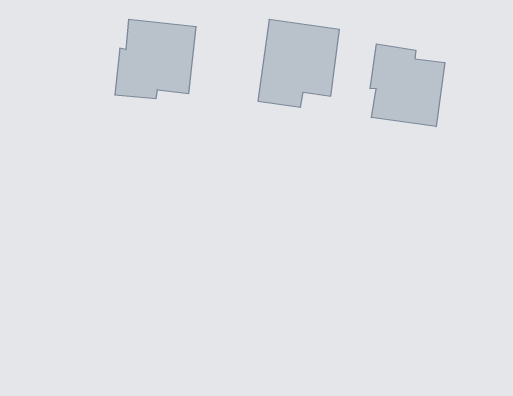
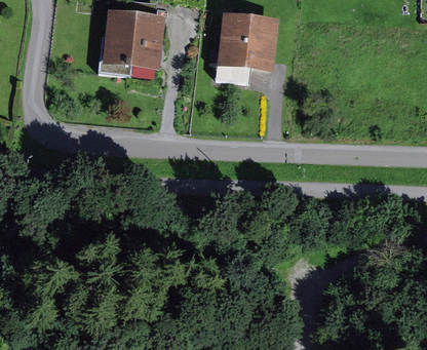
building: [370,44,445,127] -> none

